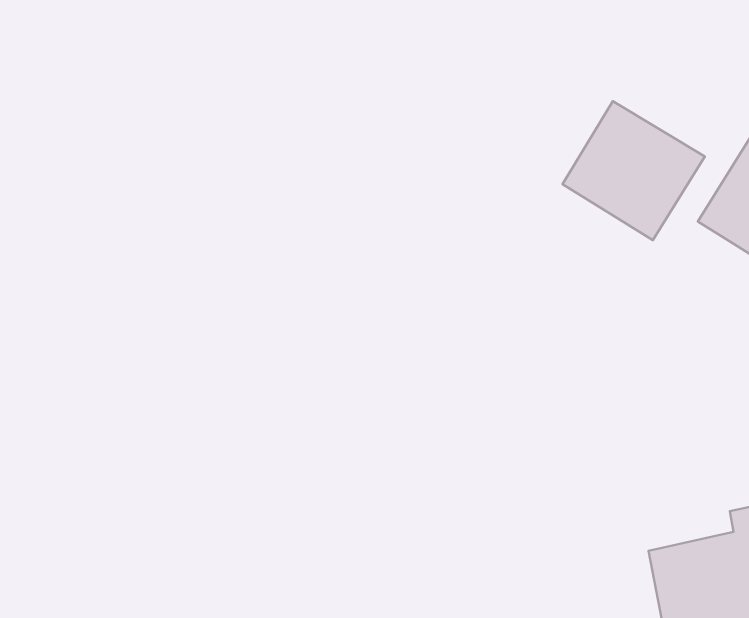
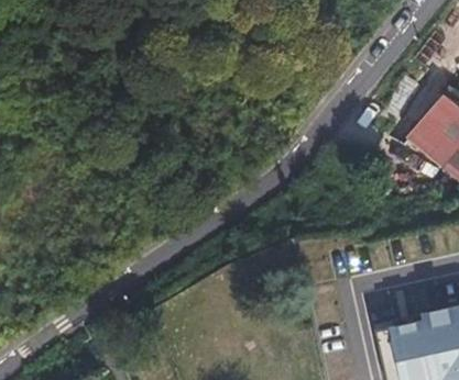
building: [563,101,705,240] -> none

